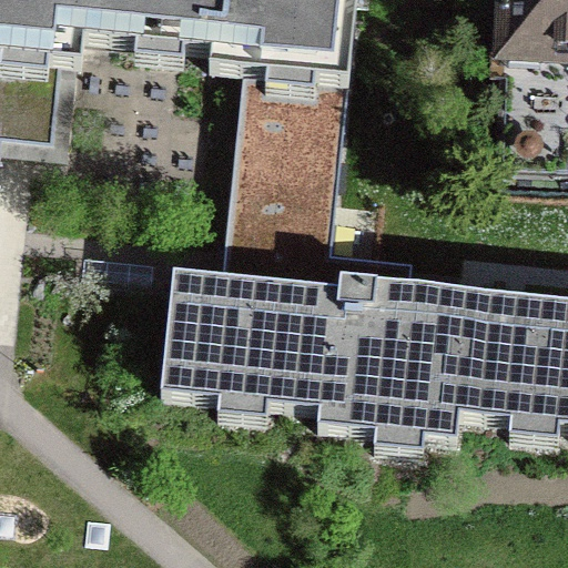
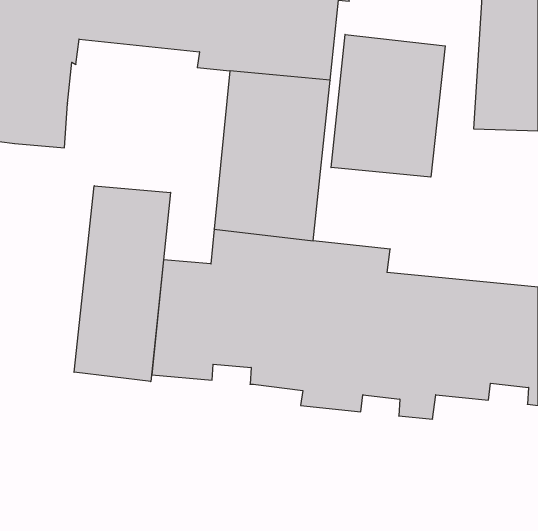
building: none -> [331,34,445,177]
building: none -> [74,186,171,382]

